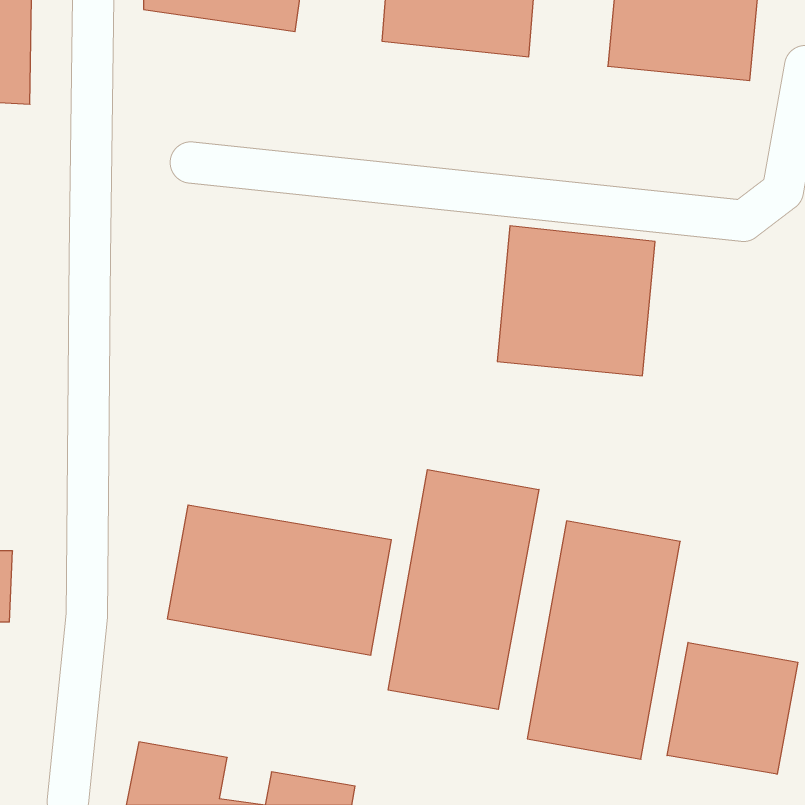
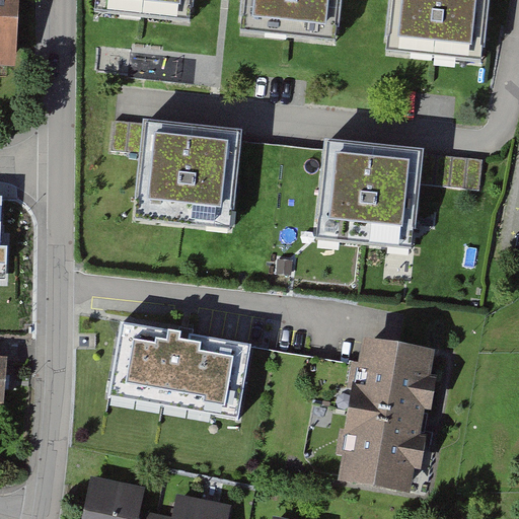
building: none -> [138,125,239,226]
building: [388,470,539,709] -> none
building: [667,642,798,774] -> none

